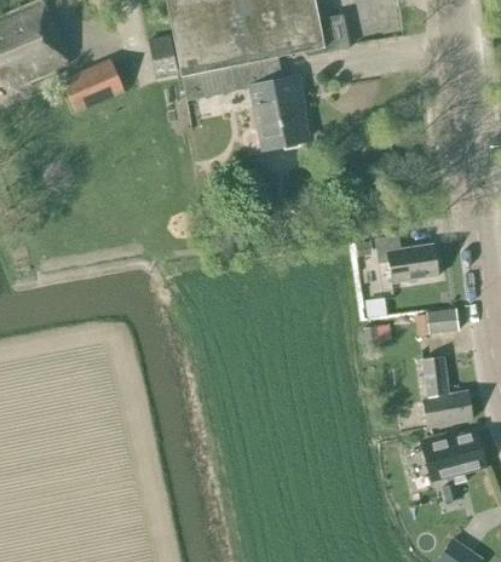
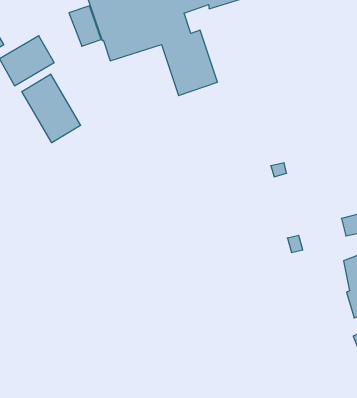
building: none -> [22,74,81,143]
building: [375,235,439,282] -> none

